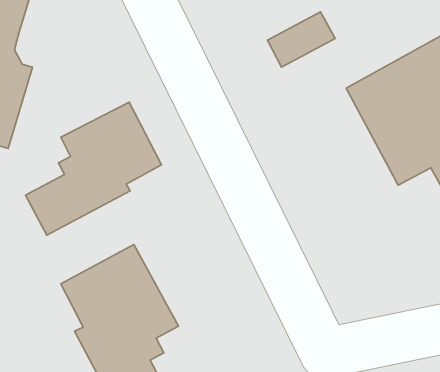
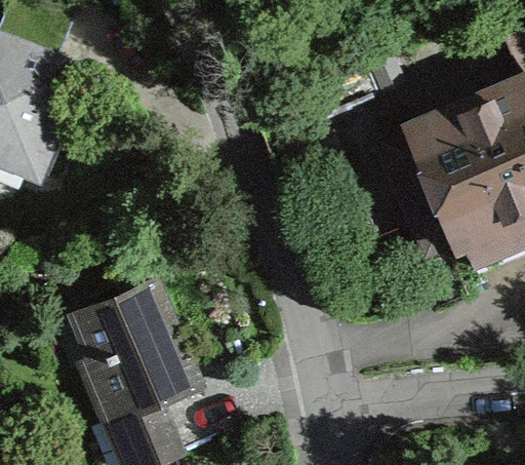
building: [25,102,162,235] -> none

